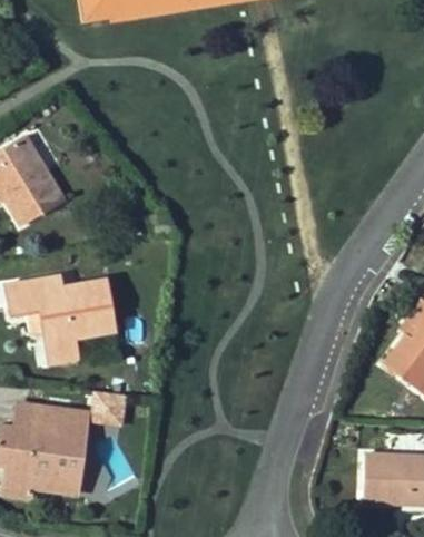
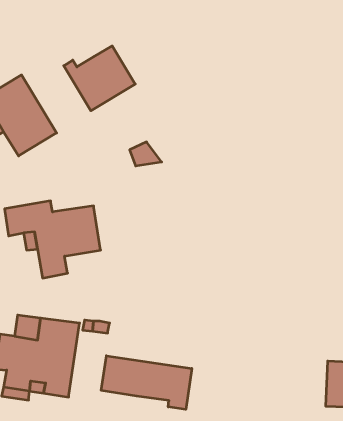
building: none -> [64,46,135,111]
building: none -> [101,356,192,409]

